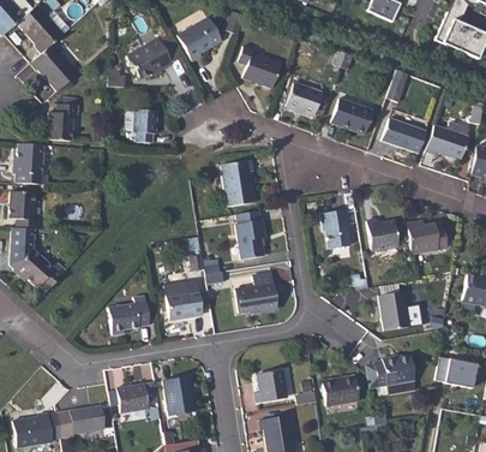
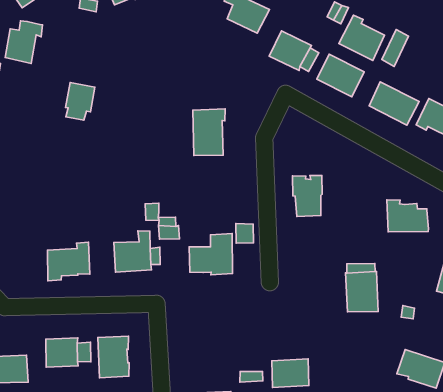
building: none -> [339,15,385,61]
building: [133,109,157,142] -> [66,83,95,120]
building: [235,210,265,258] -> none
building: [366,220,397,251] -> none
building: [372,355,413,387] -> none
building: [254,370,287,403] -> none

